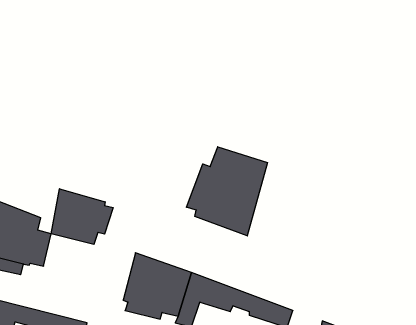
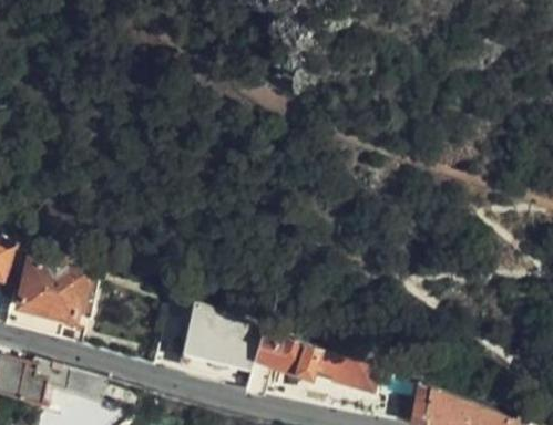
building: [186,147,267,236] -> none
building: [51,189,113,244] -> none

